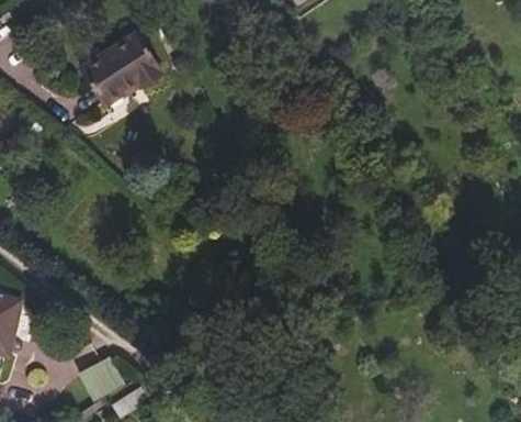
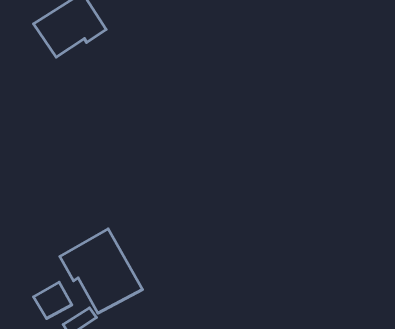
building: none -> [60,229,143,313]

